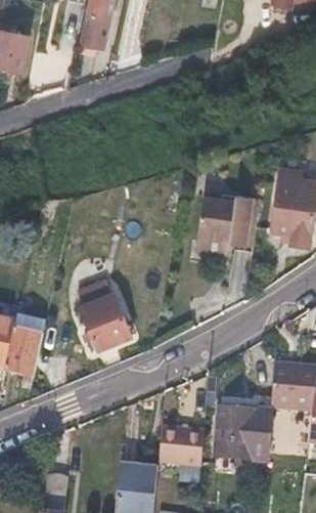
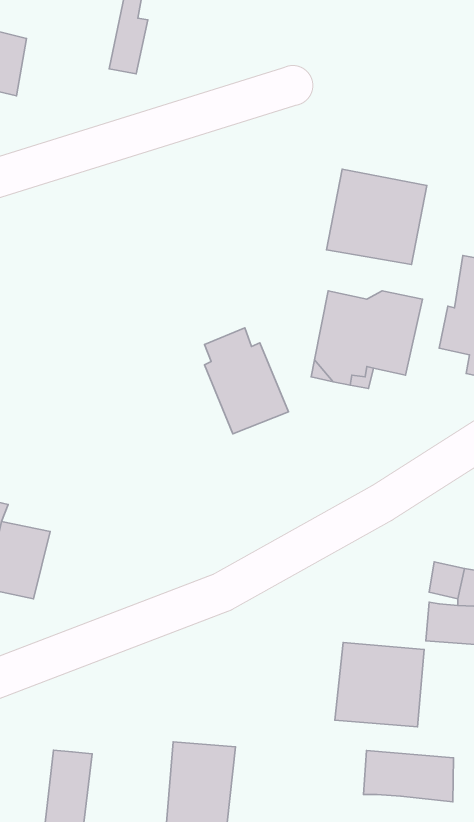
building: none -> [326,169,427,265]
building: [80,286,131,350] -> [204,328,289,434]
building: [156,424,204,464] -> none
building: none -> [363,751,454,802]

